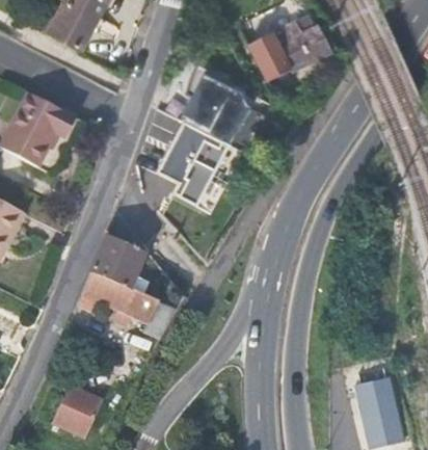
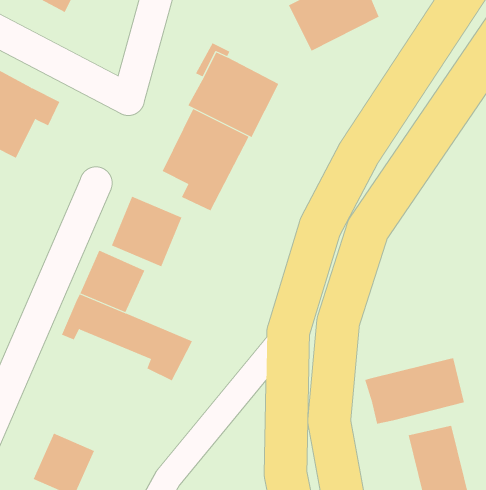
building: none -> [111,196,182,267]
building: none -> [364,357,464,425]

